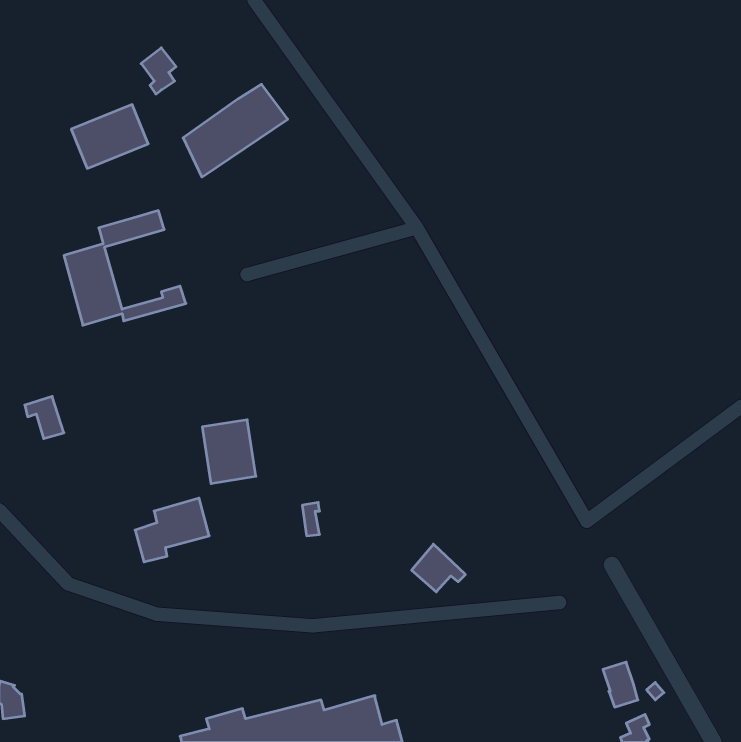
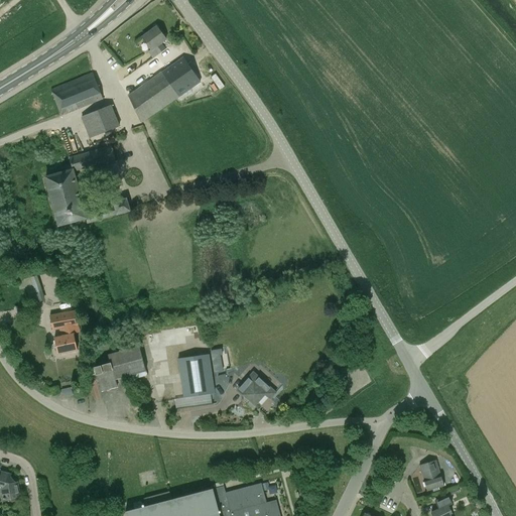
building: [141,48,176,94] -> [141,26,165,58]
building: none -> [80,105,119,138]
building: [202,420,256,484] -> [176,354,214,398]
building: none -> [48,310,79,354]
building: [412,544,465,592] -> [237,372,274,405]

